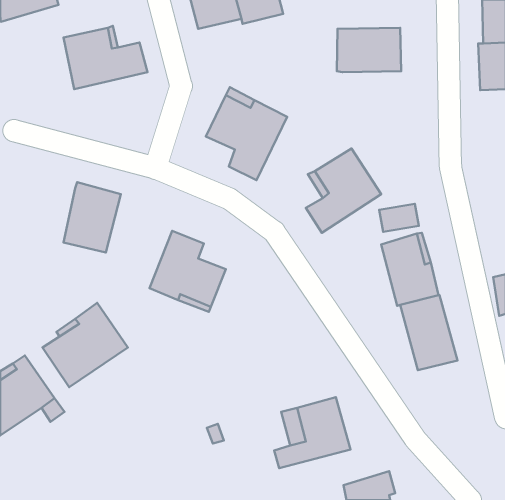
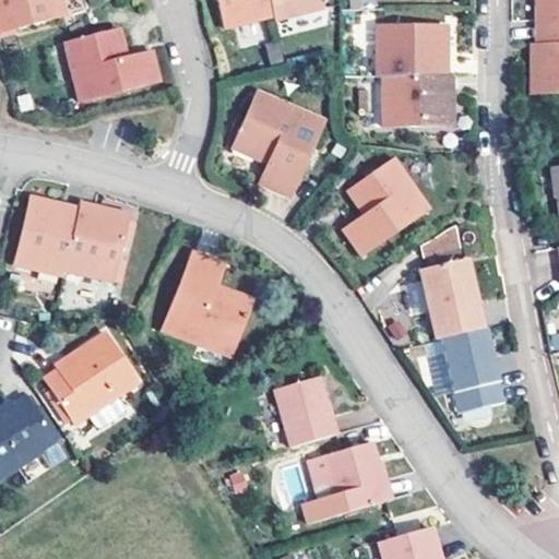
building: none -> [379,79,450,131]
building: none -> [22,198,84,274]
building: none -> [276,371,336,441]

